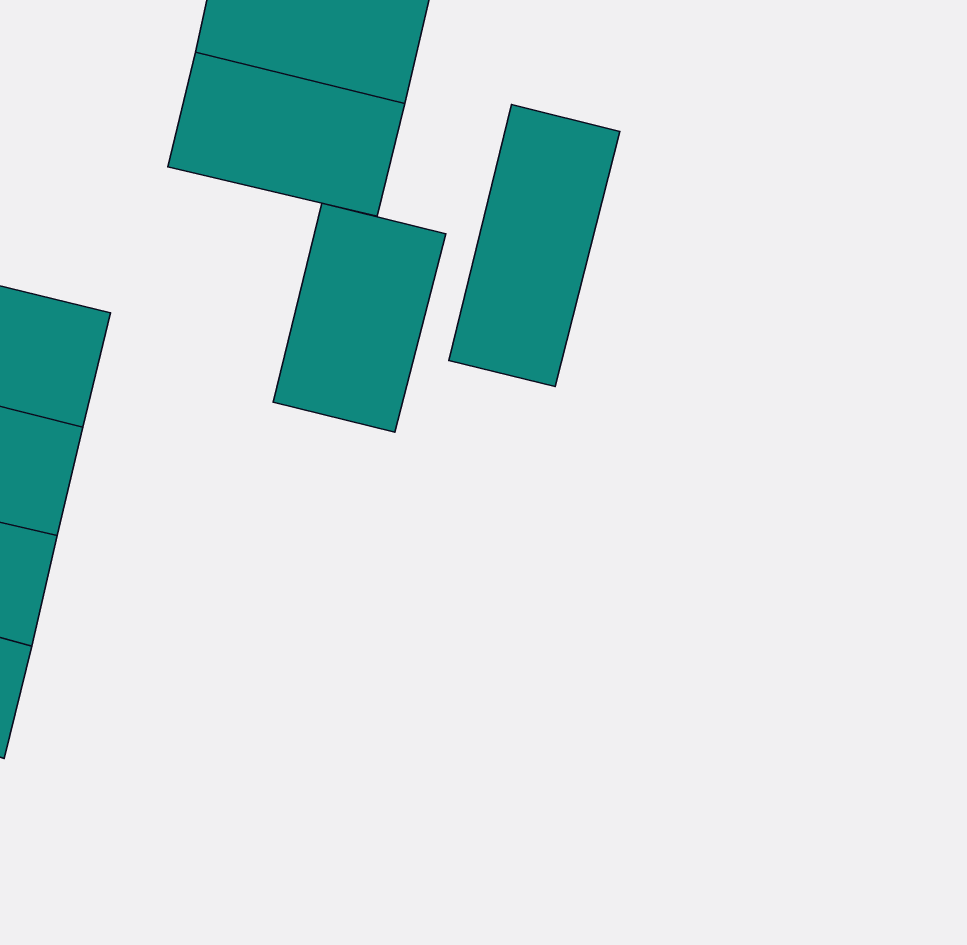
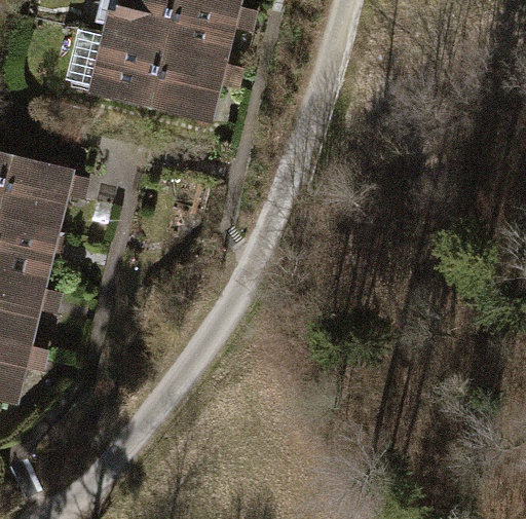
building: [449,104,620,387] -> none
building: [273,203,446,432] -> none

